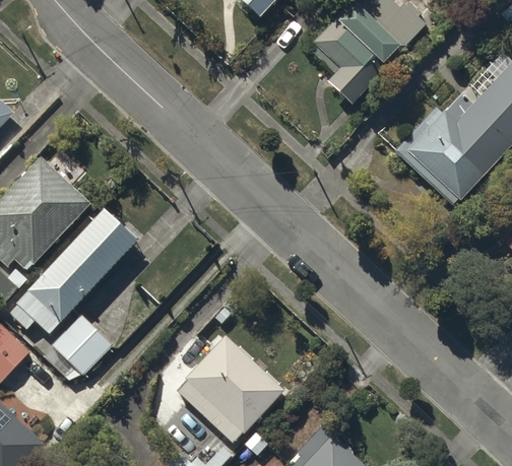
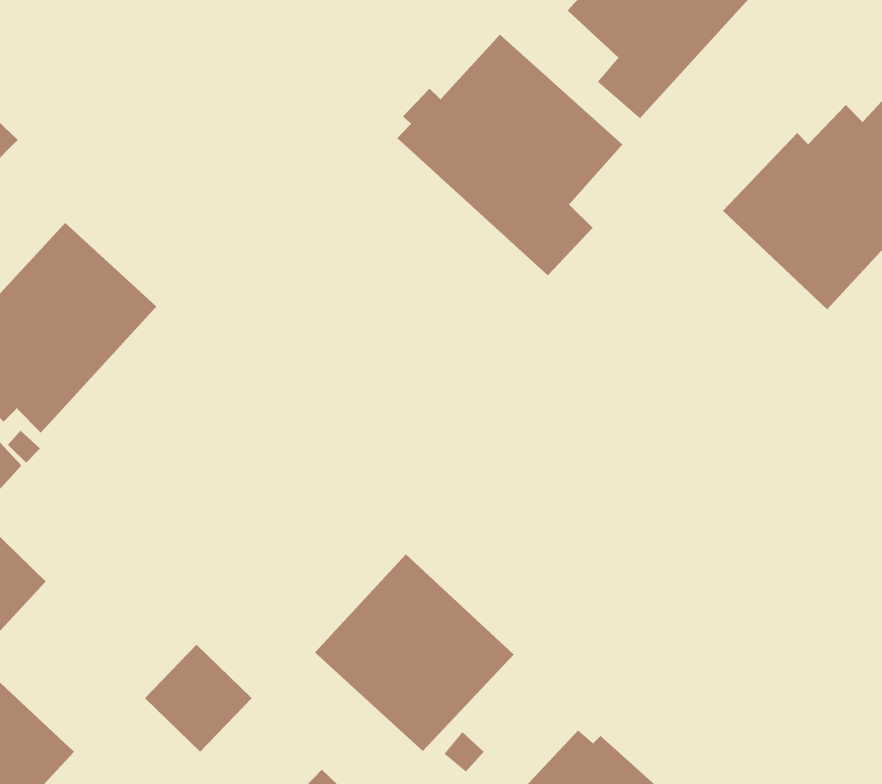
building: none -> [396,34,623,276]
building: [11,209,135,329] -> none
building: [53,316,112,375] -> [144,644,253,753]

